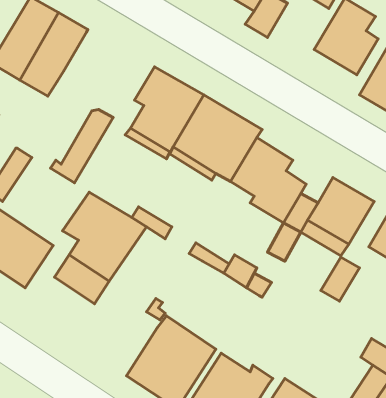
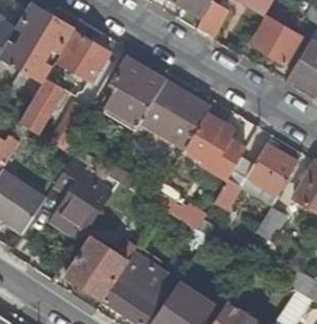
building: none -> [55,30,109,81]
building: none -> [19,69,64,132]
building: none -> [67,237,128,298]

